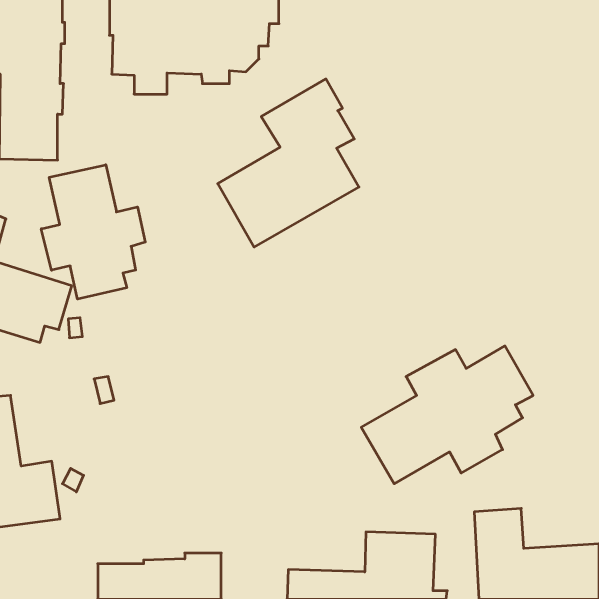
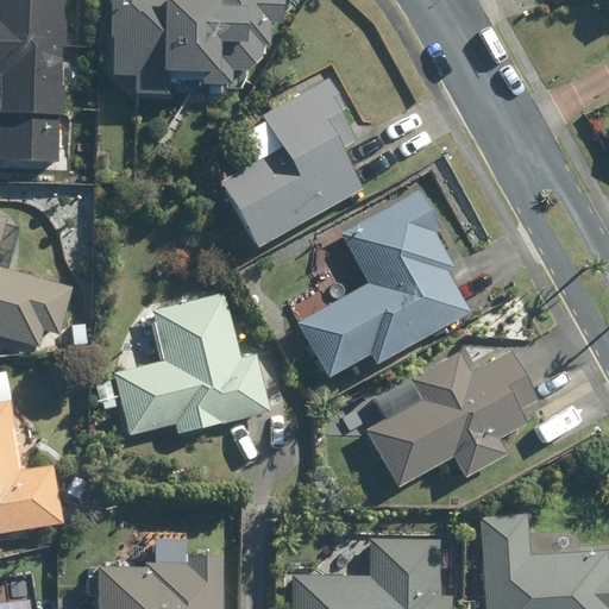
building: [41,165,145,299] -> none
building: none -> [297,190,471,379]
building: none -> [114,294,271,434]

